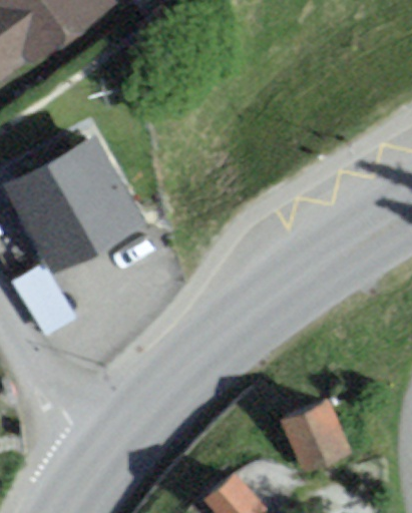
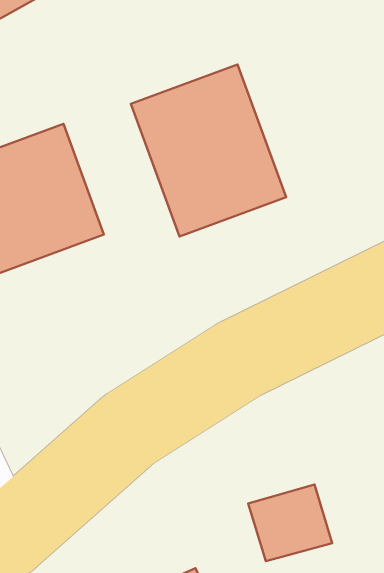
building: none -> [131,64,286,236]

